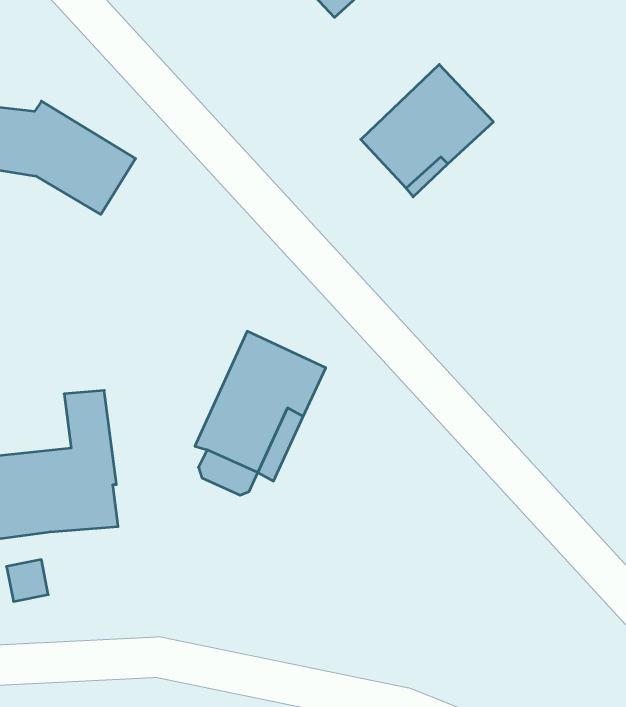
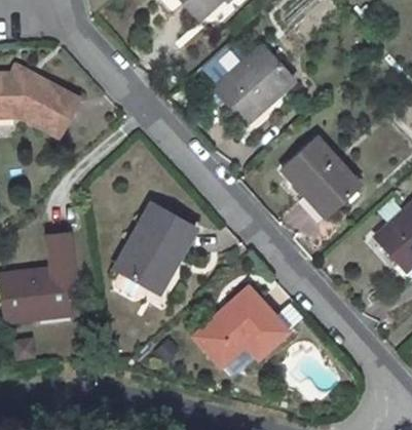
building: none -> [285,140,360,217]
building: none -> [194,289,288,366]

